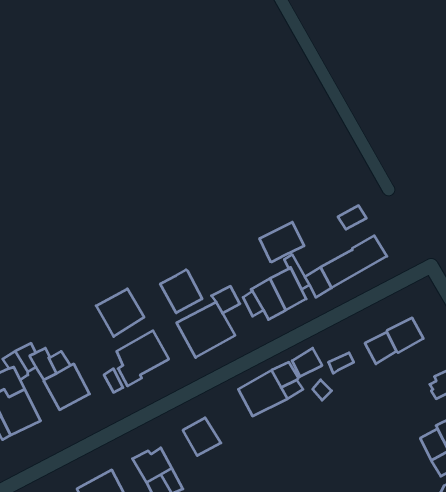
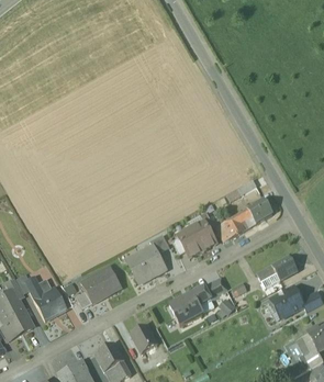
building: [260,222,304,262] -> none
building: [160,270,202,313] -> none
building: [96,289,144,337] -> none
building: none -> [270,286,304,318]

